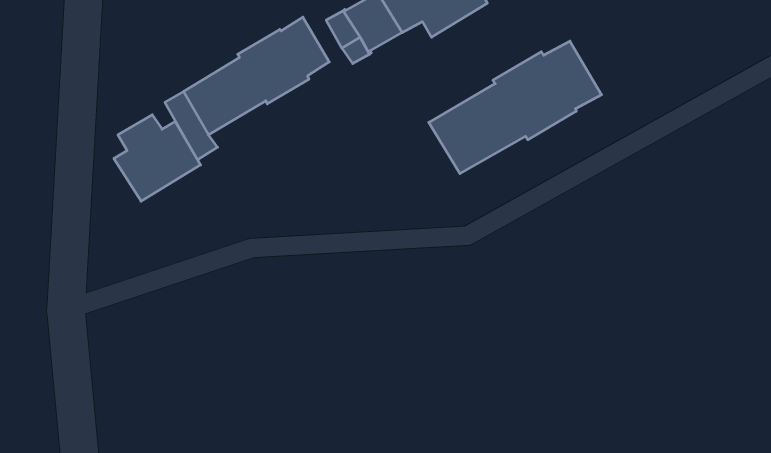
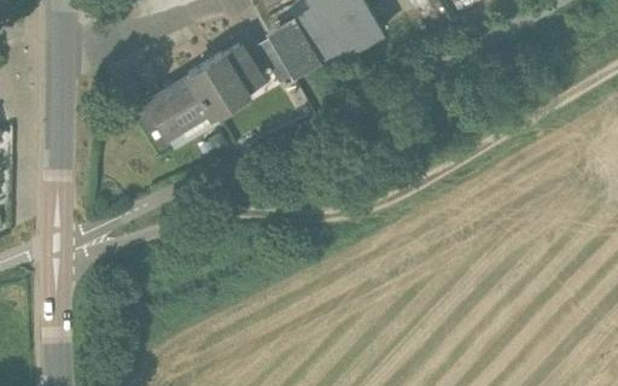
building: [429,41,602,174] -> none
building: [114,115,201,201] -> none

